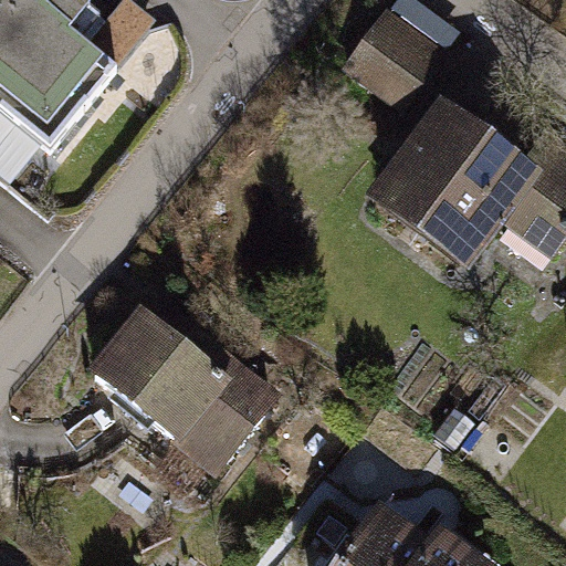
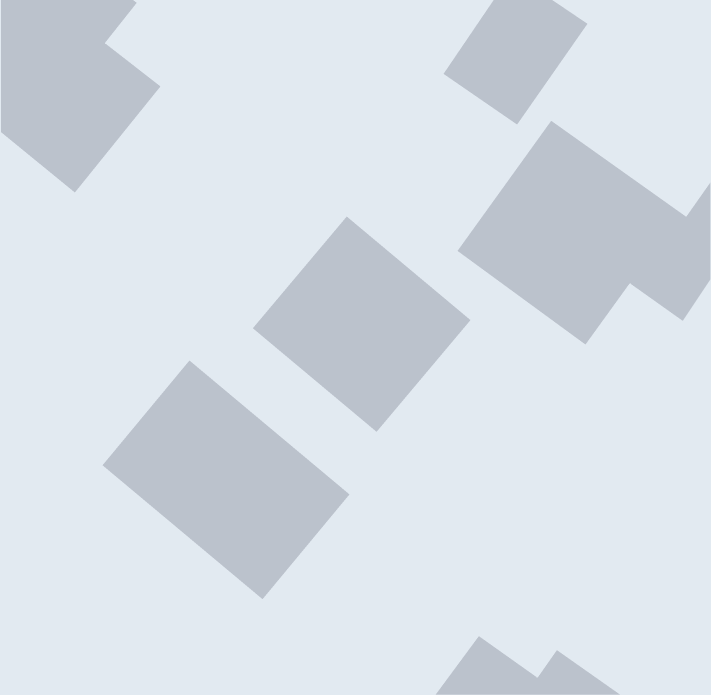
building: none -> [252,215,472,433]

